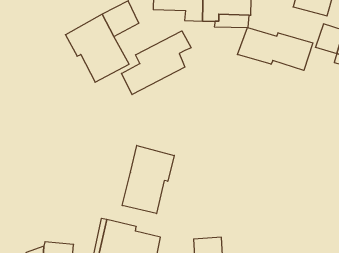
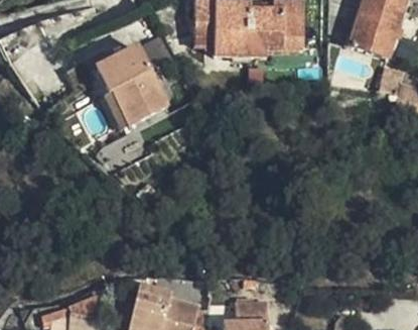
building: [237,28,313,70] -> none
building: [121,31,191,95] -> none
building: [122,145,174,214] -> none

